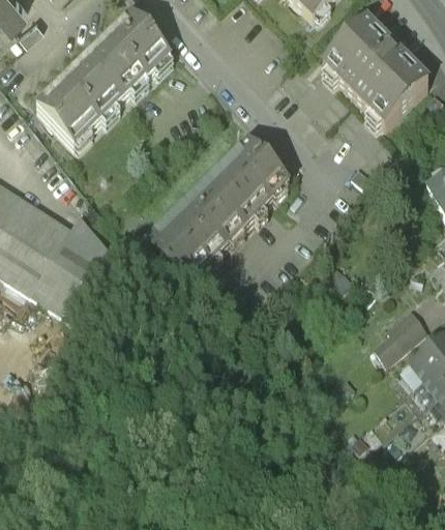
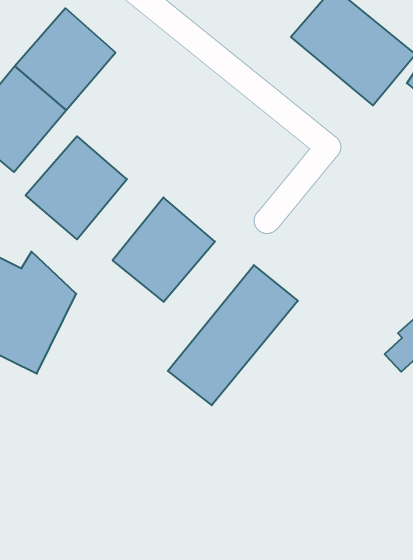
building: [198,139,286,227] -> [26,136,127,239]
building: none -> [168,265,298,405]

